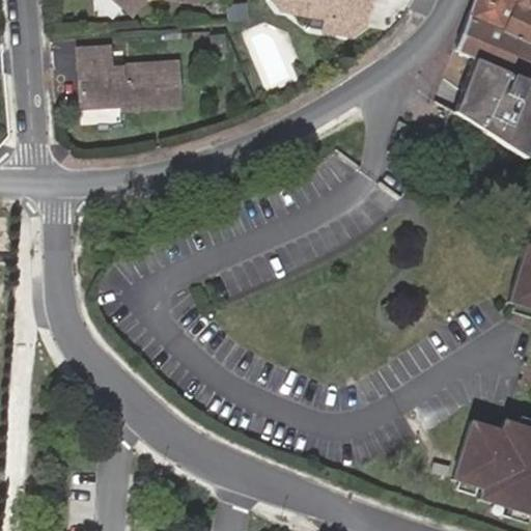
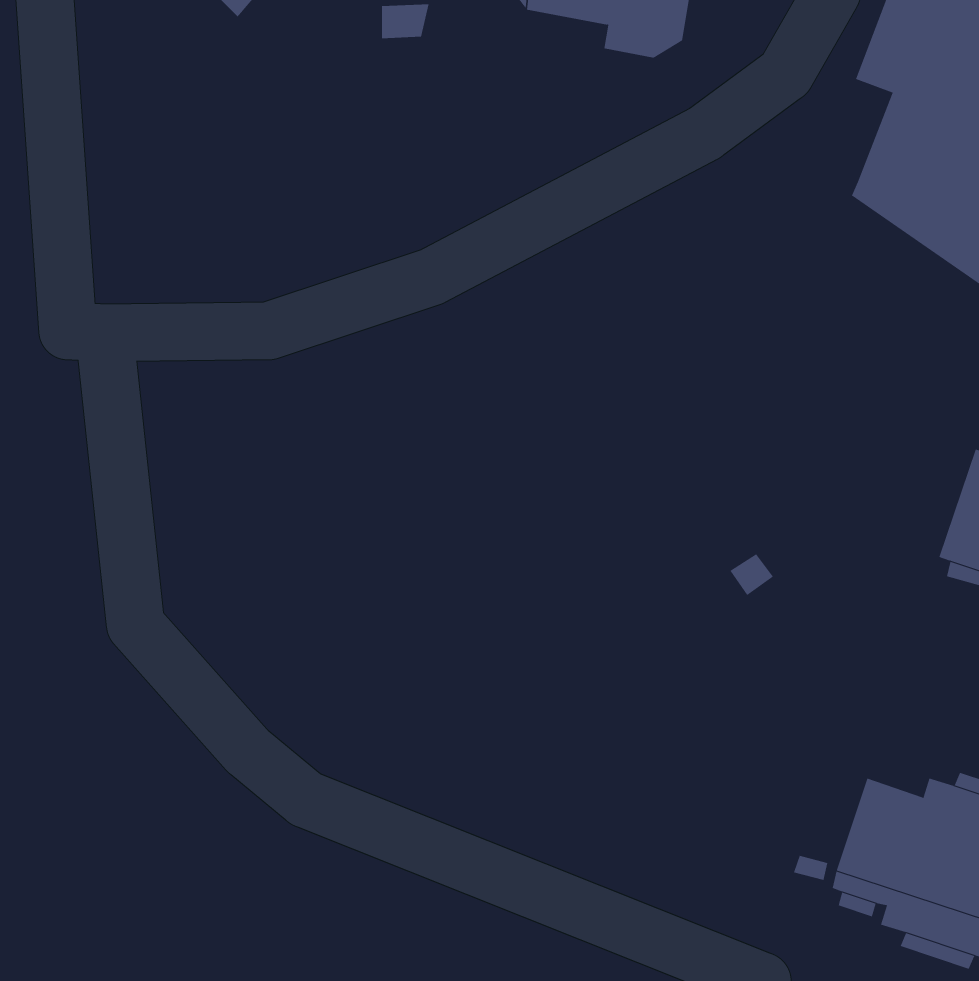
building: [79,49,183,111] -> none

